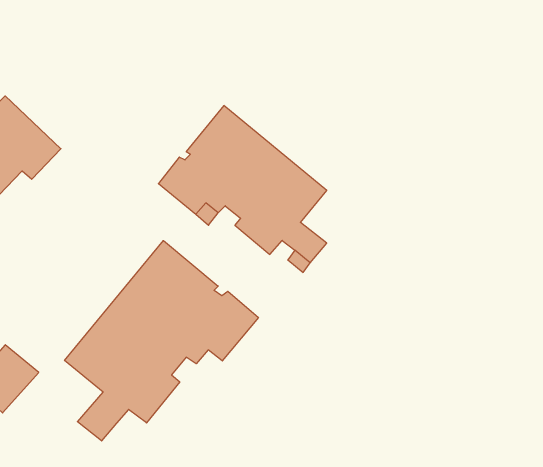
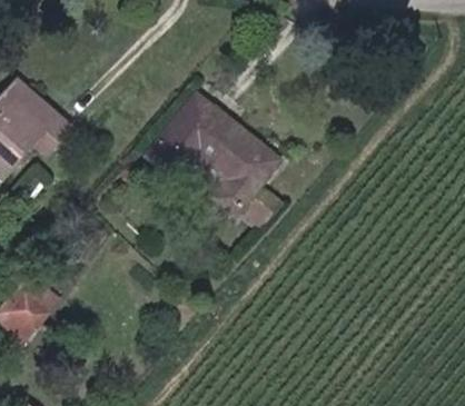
building: [65,241,258,441] -> none

